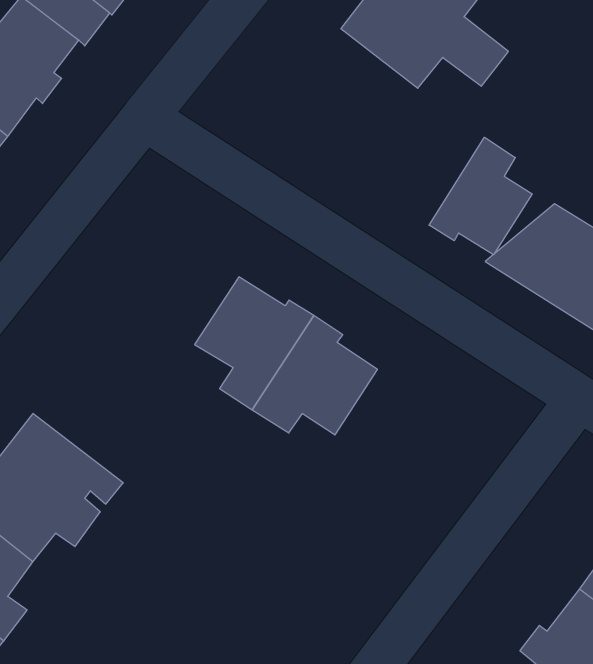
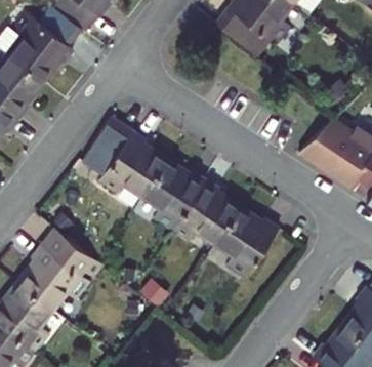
building: [429,137,532,255] -> none
building: none -> [82,117,163,194]
building: none -> [214,207,279,278]

